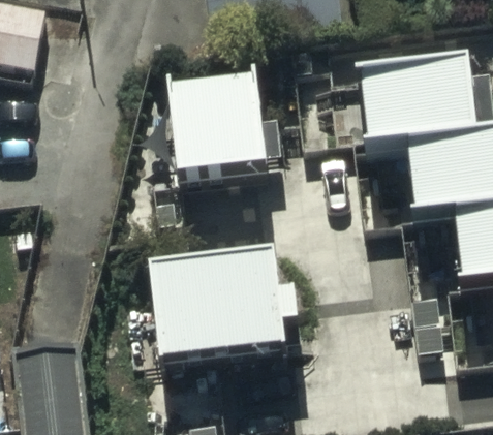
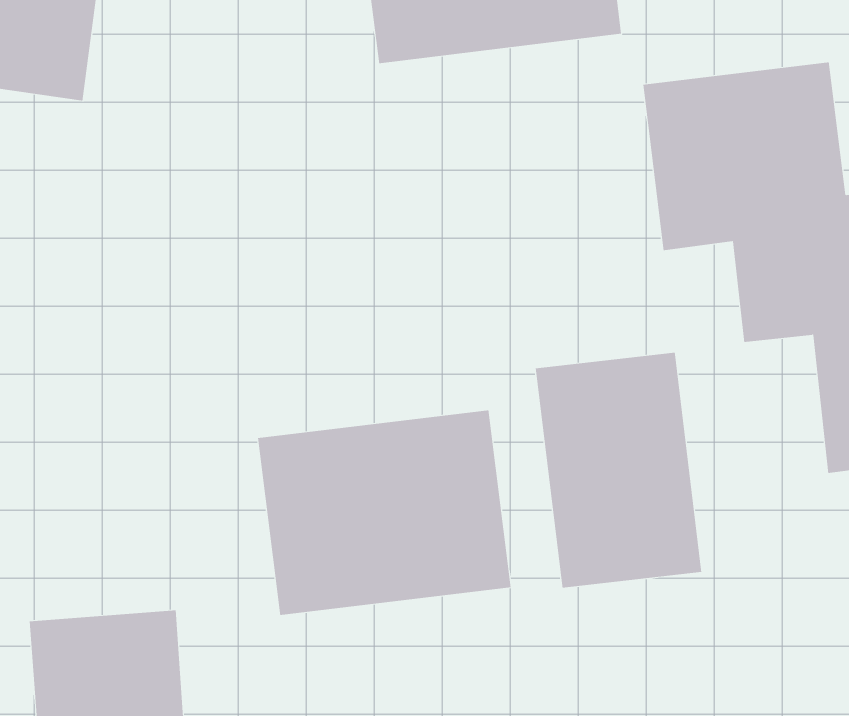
building: [166,62,276,179] -> none
building: none -> [535,352,702,588]

